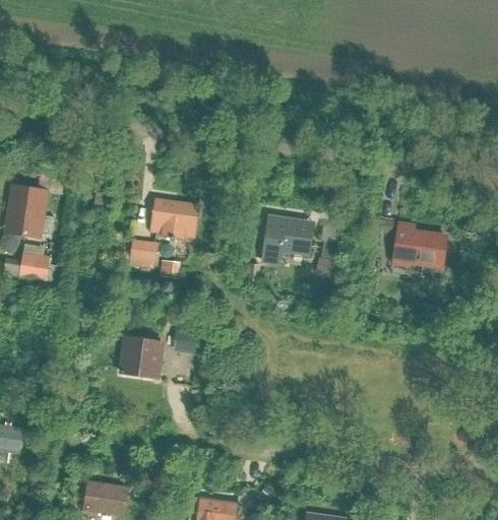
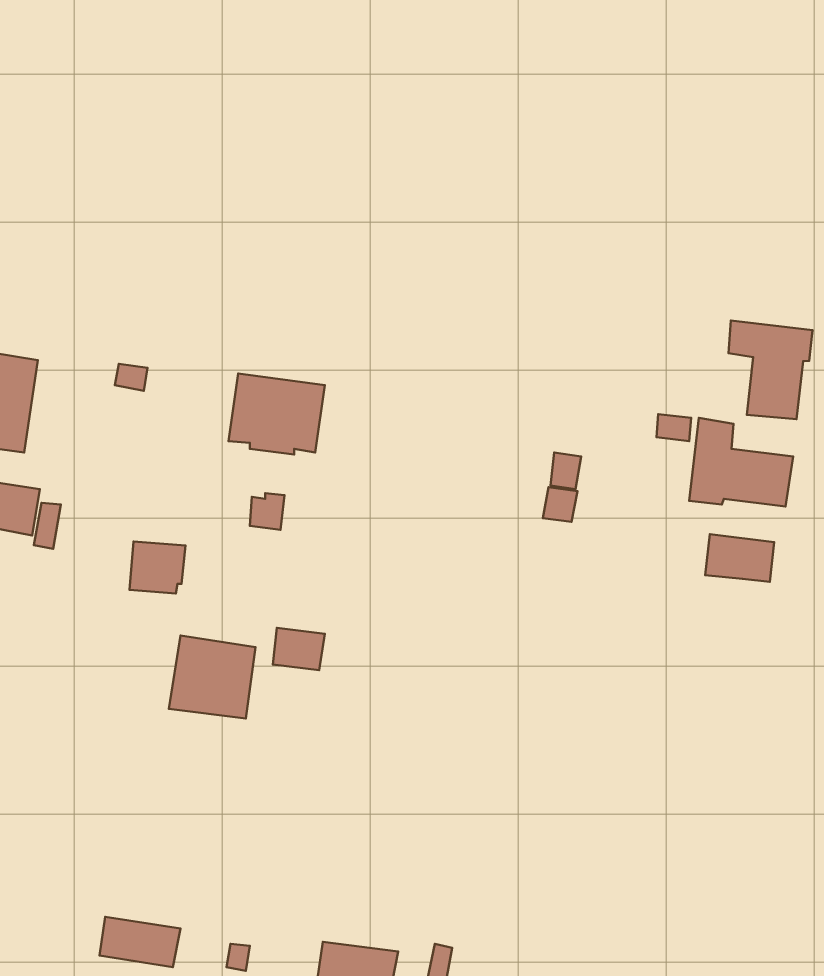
building: none -> [729,320,813,419]
building: [260,213,315,266] -> none
building: [129,240,159,267] -> [129,542,185,594]
building: none -> [705,534,774,582]

